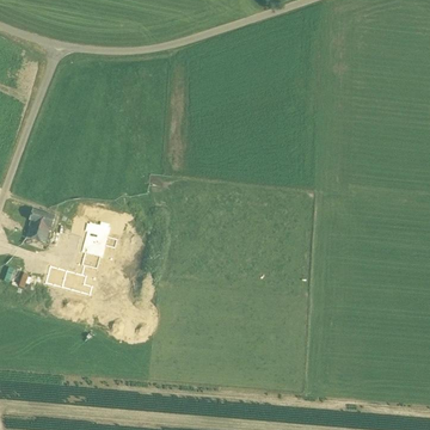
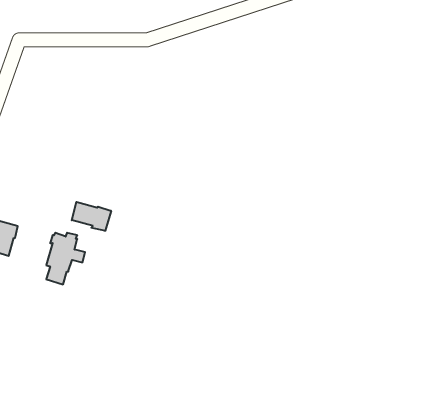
building: none -> [72,202,111,231]

